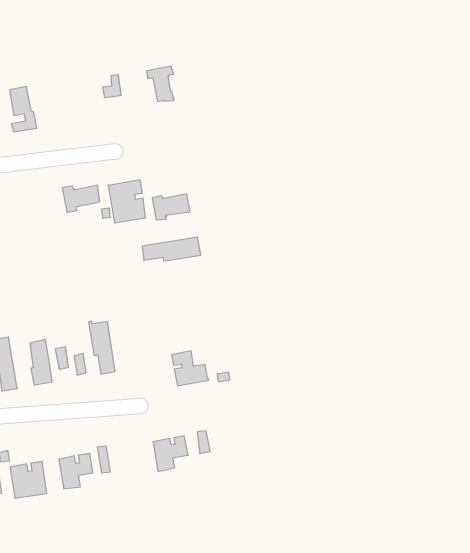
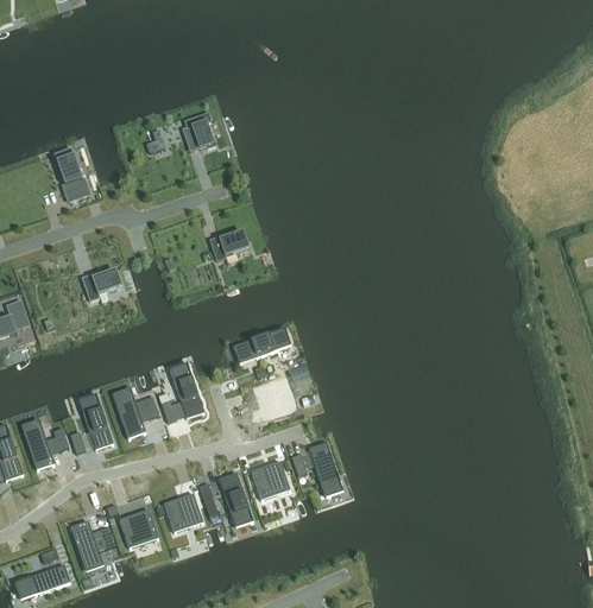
building: [108,180,145,223] -> none
building: [62,185,100,212] -> [87,266,125,297]
building: [142,237,201,261] -> [233,328,290,359]
building: none -> [311,441,342,494]
building: none -> [222,471,252,525]

